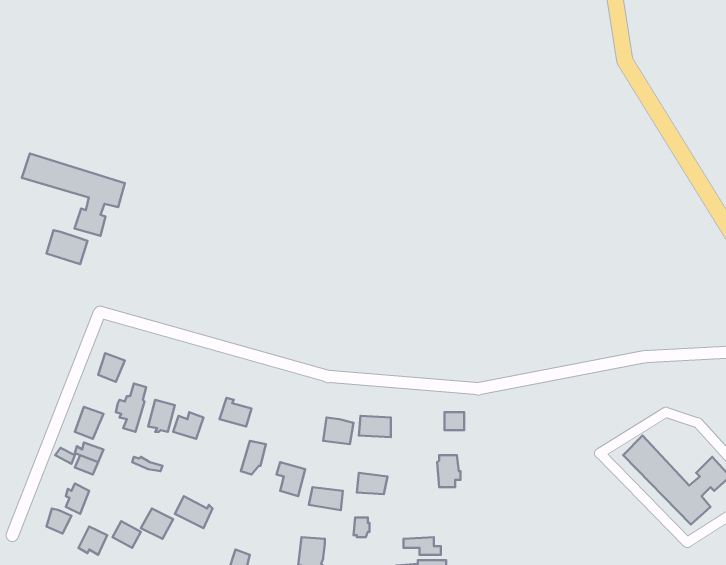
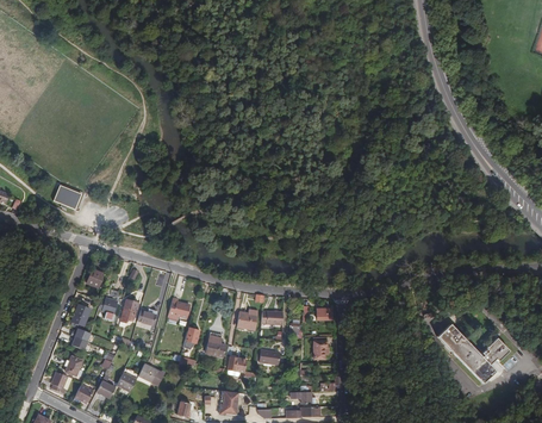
building: [22,153,125,236] -> none

